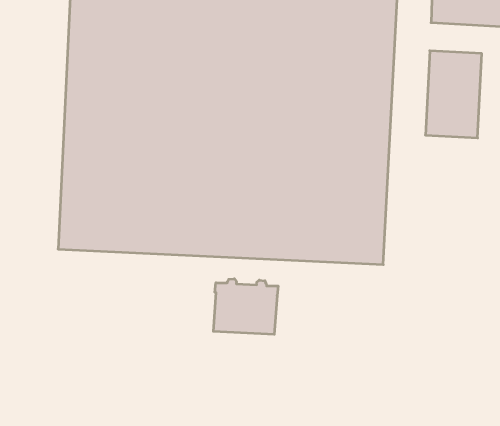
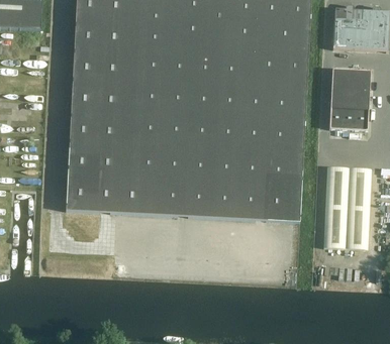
building: none -> [323,165,371,248]
building: [213,279,278,334] -> none

